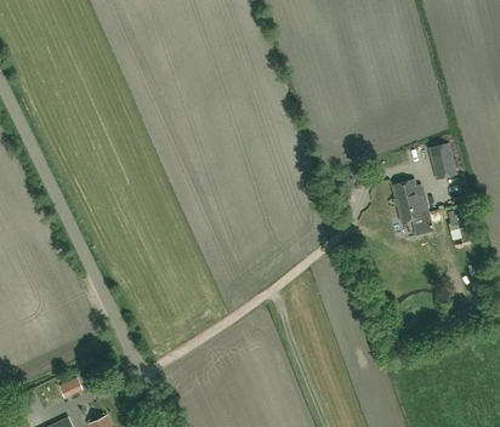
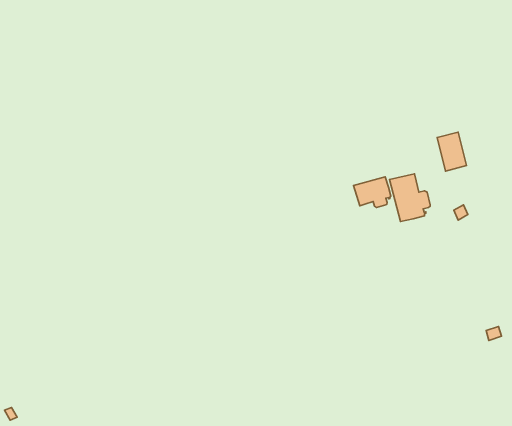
building: none -> [353,177,391,208]

